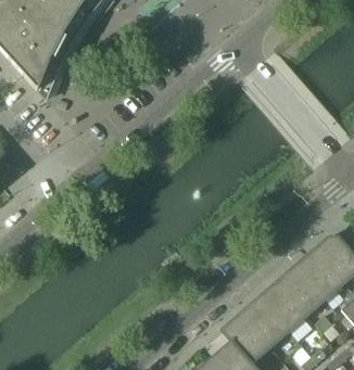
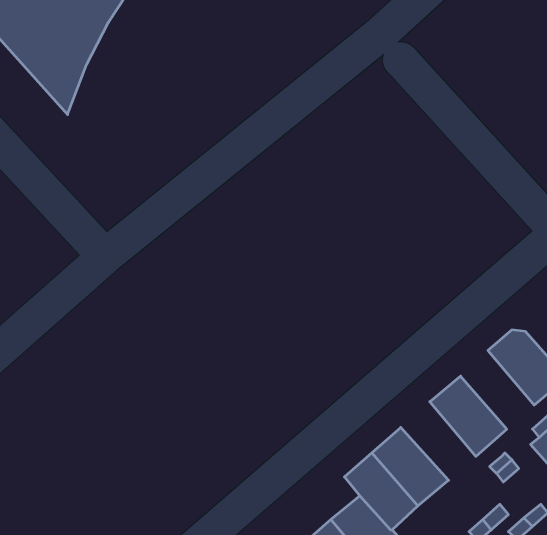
building: [295,248,342,298] -> none
building: [257,281,305,331] -> none

